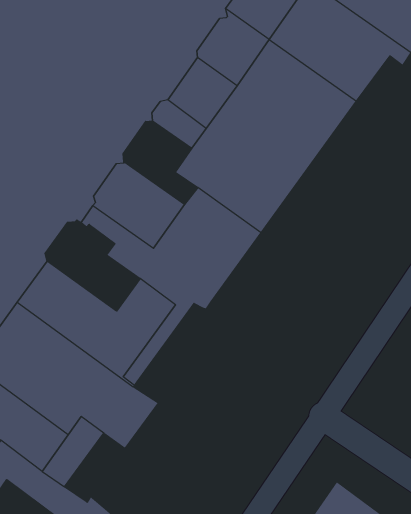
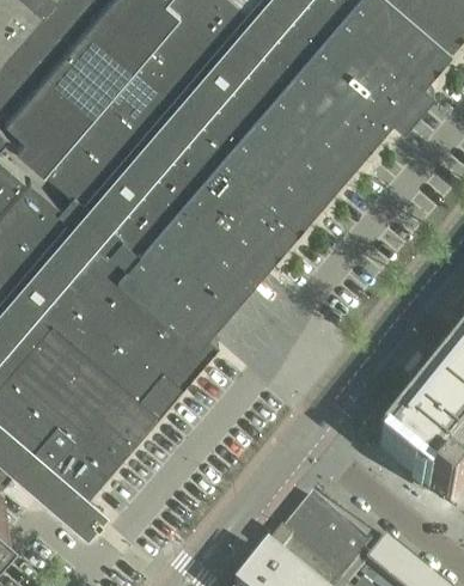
building: none -> [144,159,208,237]
building: none -> [66,243,149,328]
building: none -> [135,326,218,414]
building: none -> [66,437,123,498]

